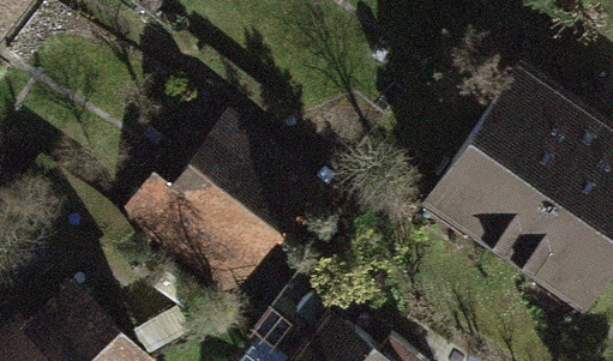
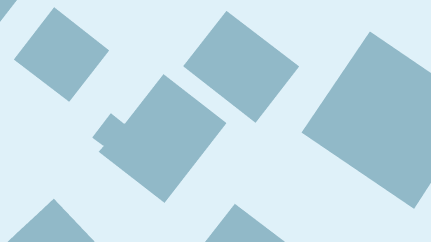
building: none -> [13,6,110,103]
building: none -> [182,10,300,124]

